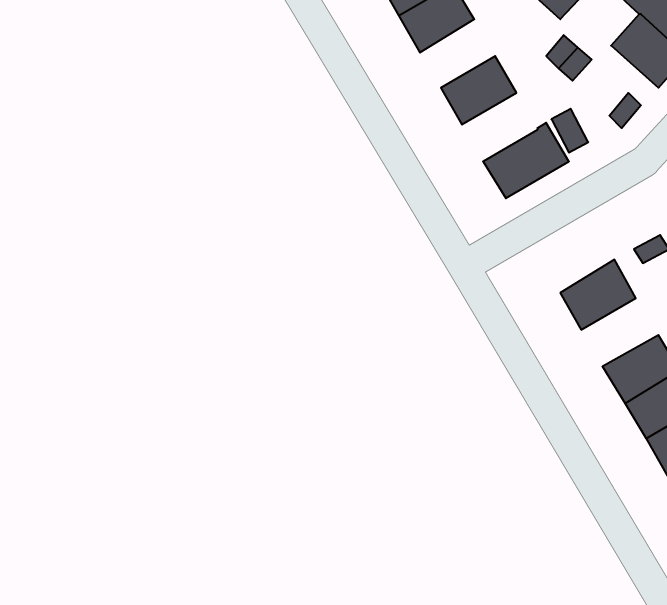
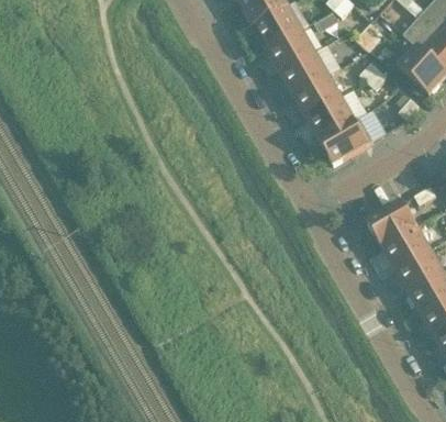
building: none -> [280,52,327,95]
building: none -> [306,98,354,141]
building: none -> [381,226,430,269]

